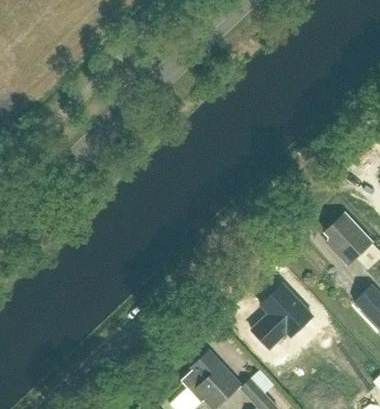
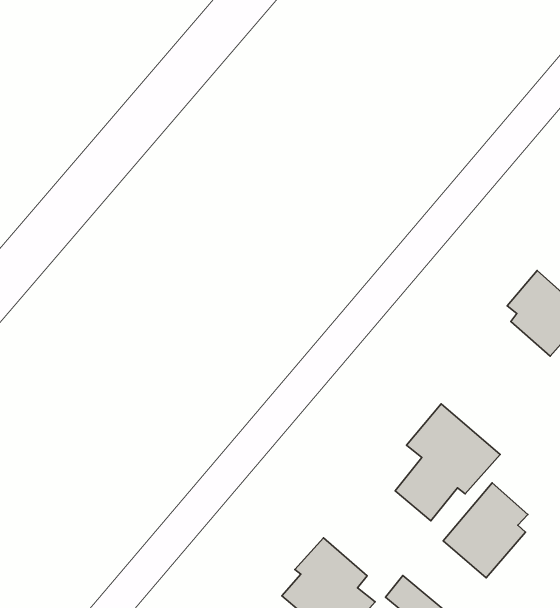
building: none -> [443,483,528,578]

